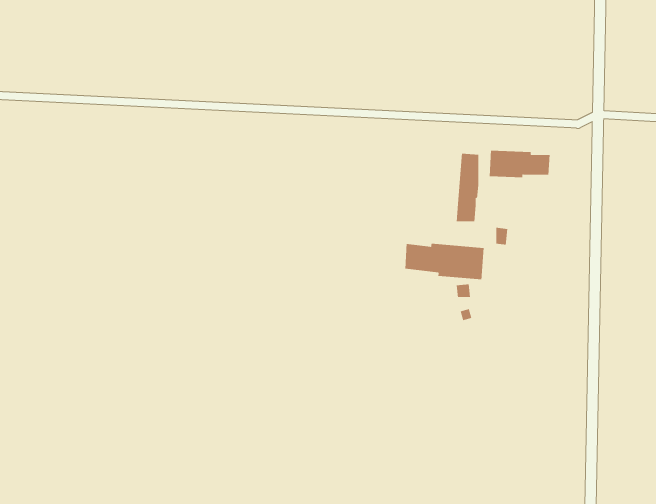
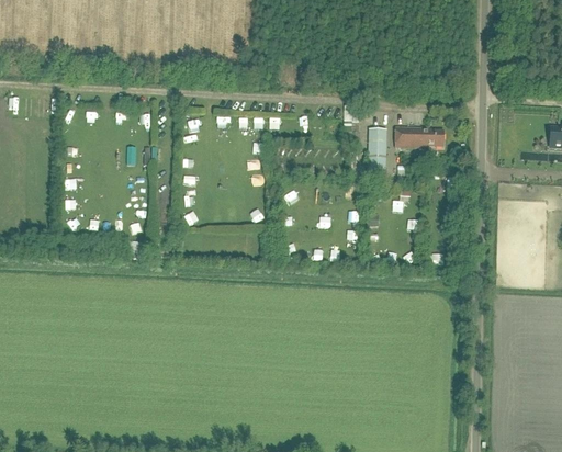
building: [405,243,484,280] -> none

